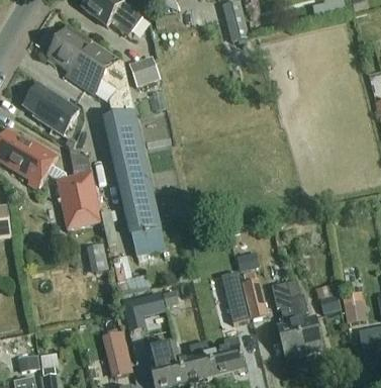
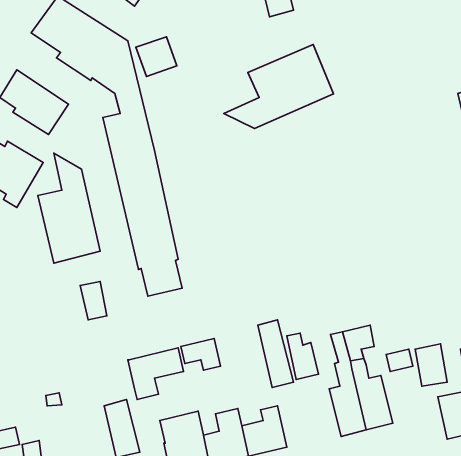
building: none -> [224,45,333,129]

